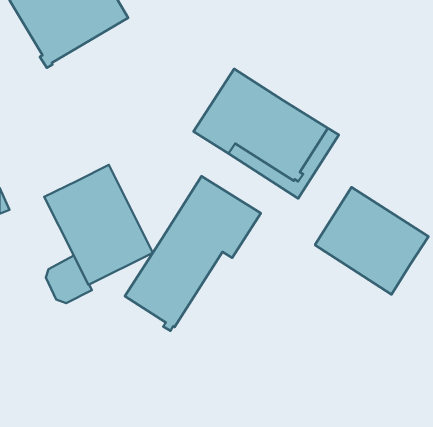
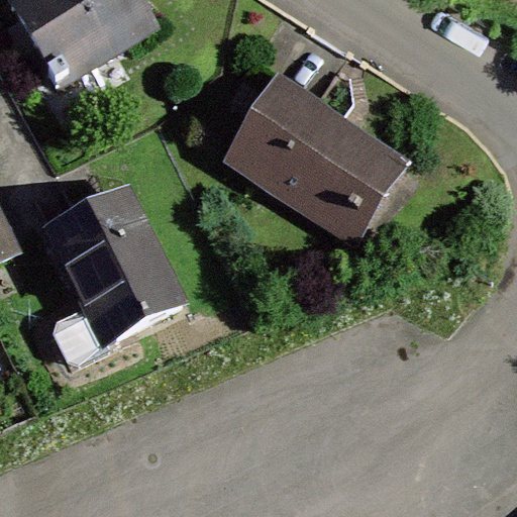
building: [125,176,261,331] -> none
building: [315,187,429,294] -> none

